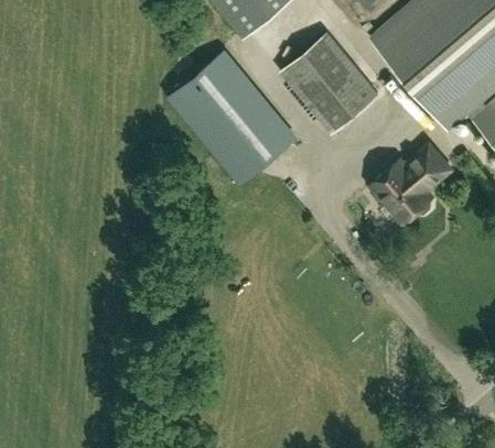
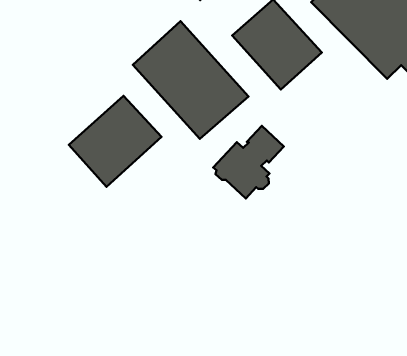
building: none -> [69,96,161,187]
building: [369,146,449,226] -> [213,126,284,199]

